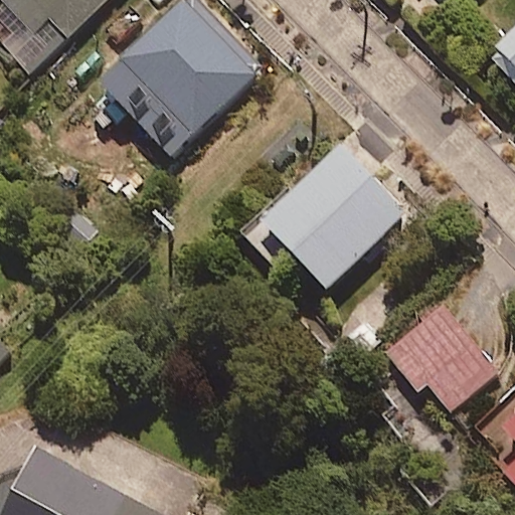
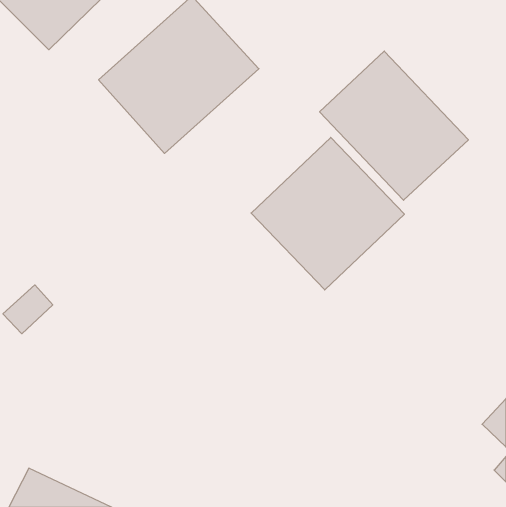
building: none -> [320,51,468,200]
building: [380,301,503,410] -> none

